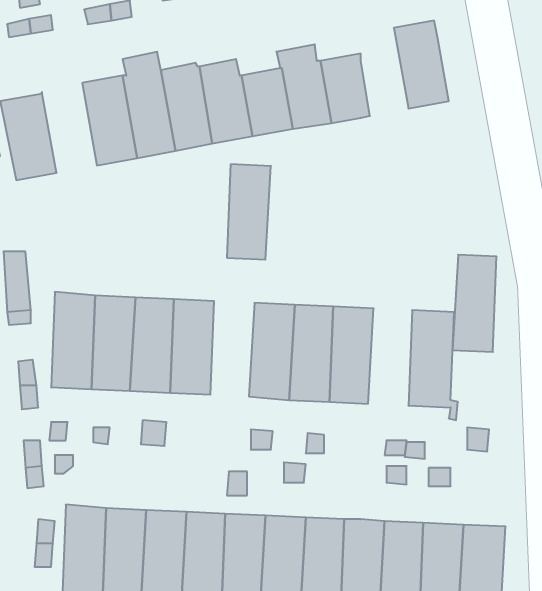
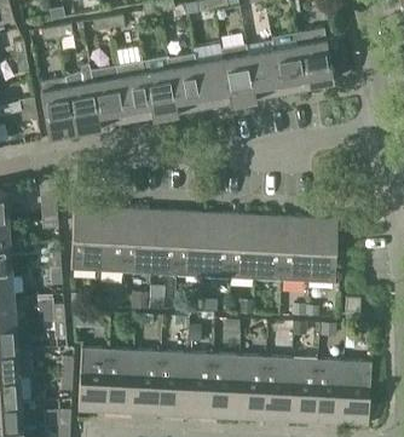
building: none -> [275,33,308,91]
building: none -> [67,63,103,128]
building: [227,164,271,260] -> [178,213,207,276]
building: [453,255,497,352] -> [282,218,311,282]

